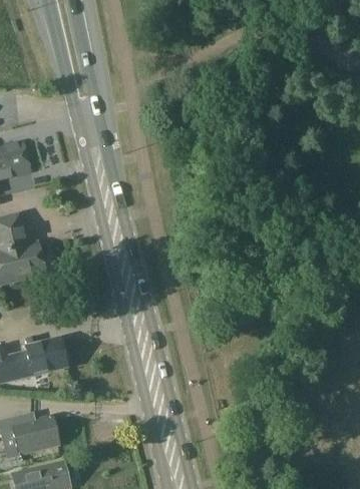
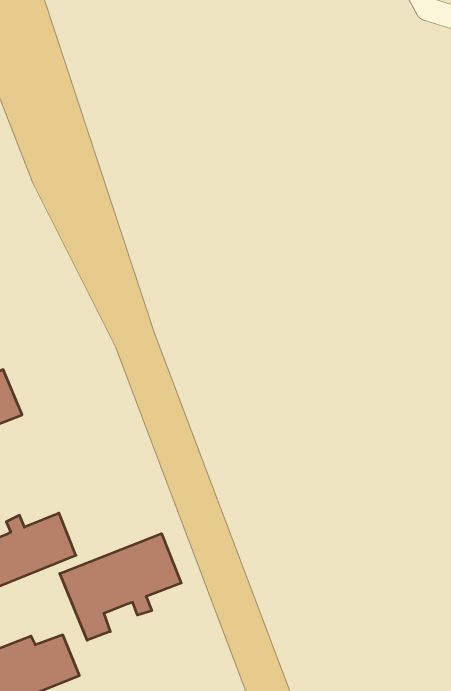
building: none -> [60,534,181,640]

